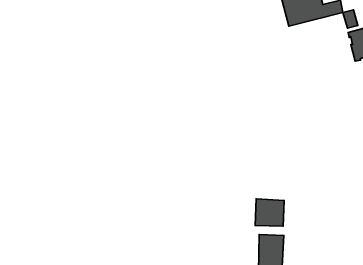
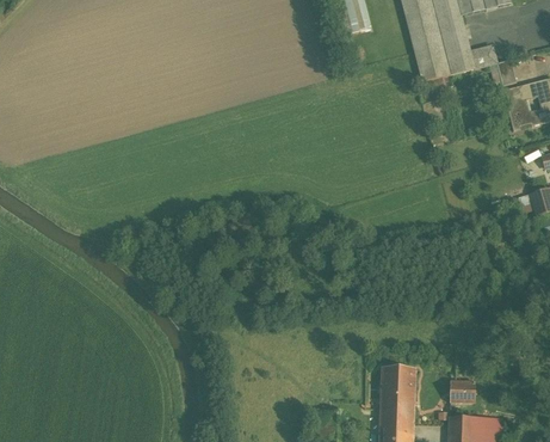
building: [255,199,284,226] -> none
building: none -> [450,379,476,400]

